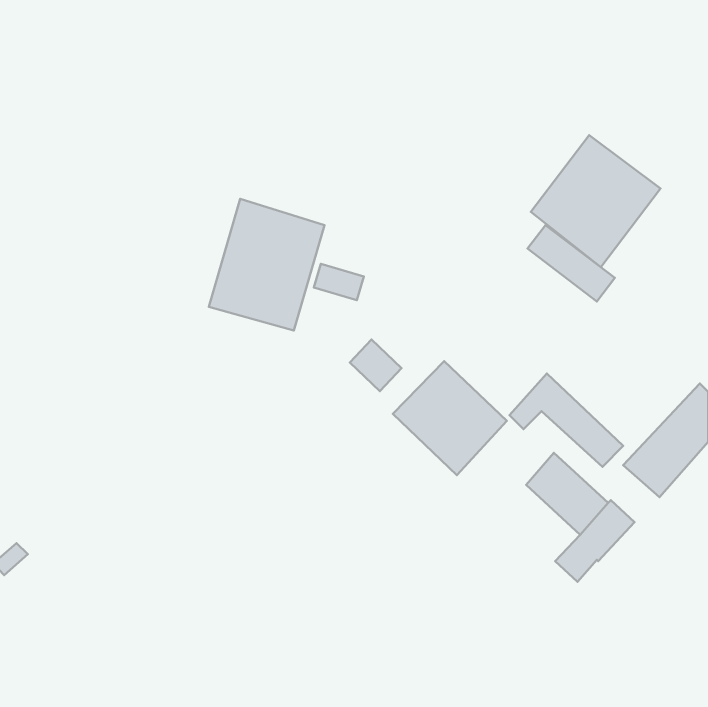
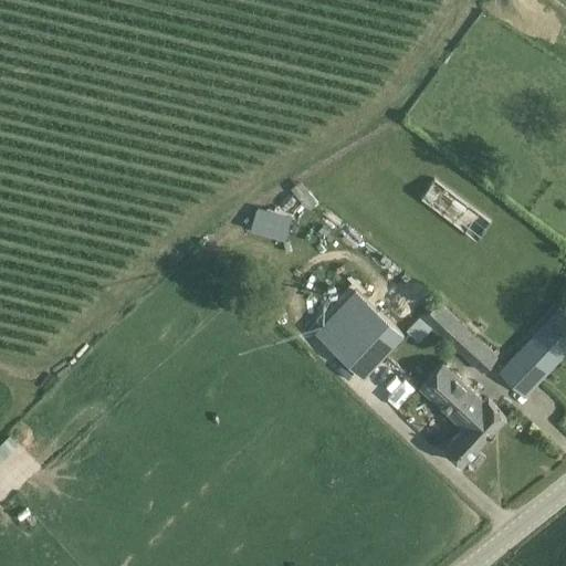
building: [531,135,661,267] -> none
building: [209,199,324,331] -> none
building: [350,340,401,391] -> none

